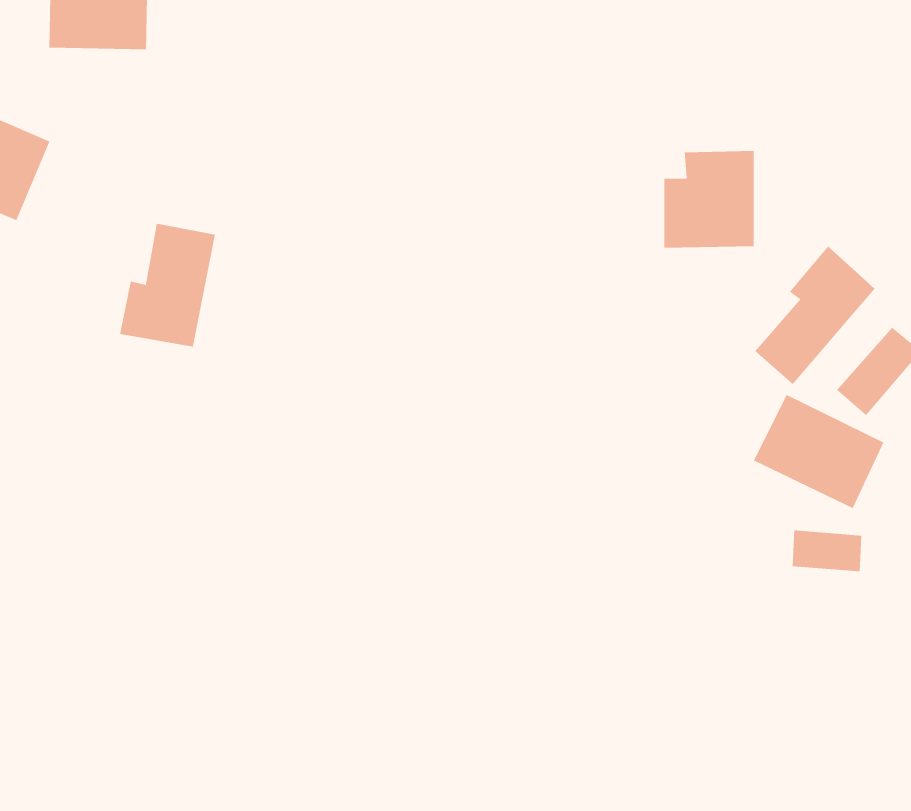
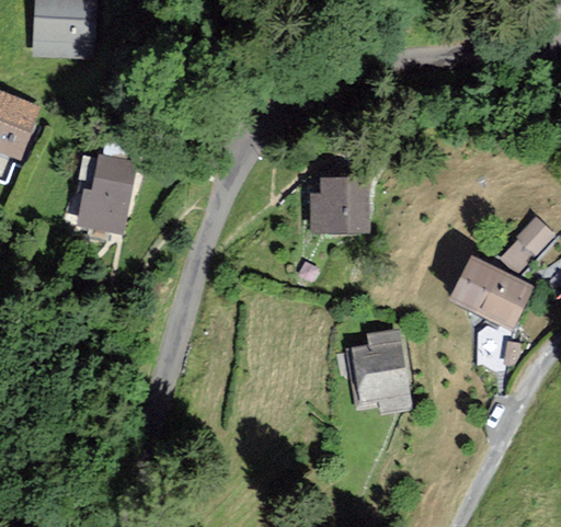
building: [664,150,755,249] -> [318,174,371,232]
building: [754,246,875,385] -> none
building: none -> [348,332,408,412]

